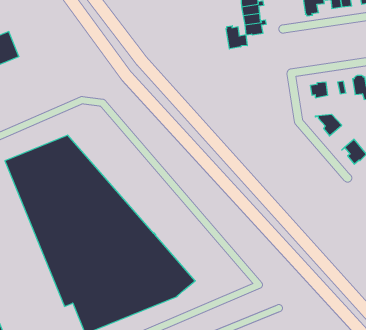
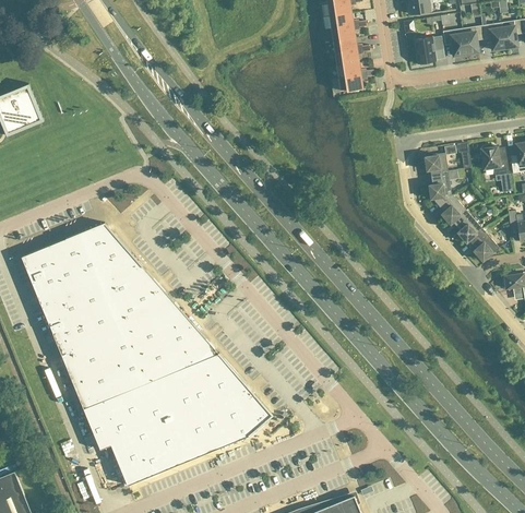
building: [226,26,247,49] -> none
building: none -> [429,171,453,199]
building: none -> [450,211,482,243]

